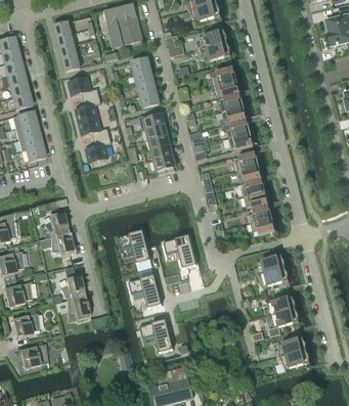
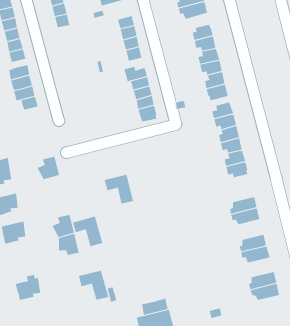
building: [68,77,112,163] -> none
building: [50,231,74,256] -> none
building: [163,235,195,268] -> none
building: [128,274,162,308] -> [72,216,103,247]
building: [11,312,40,337] -> none
building: [139,319,173,352] -> [78,270,109,300]

